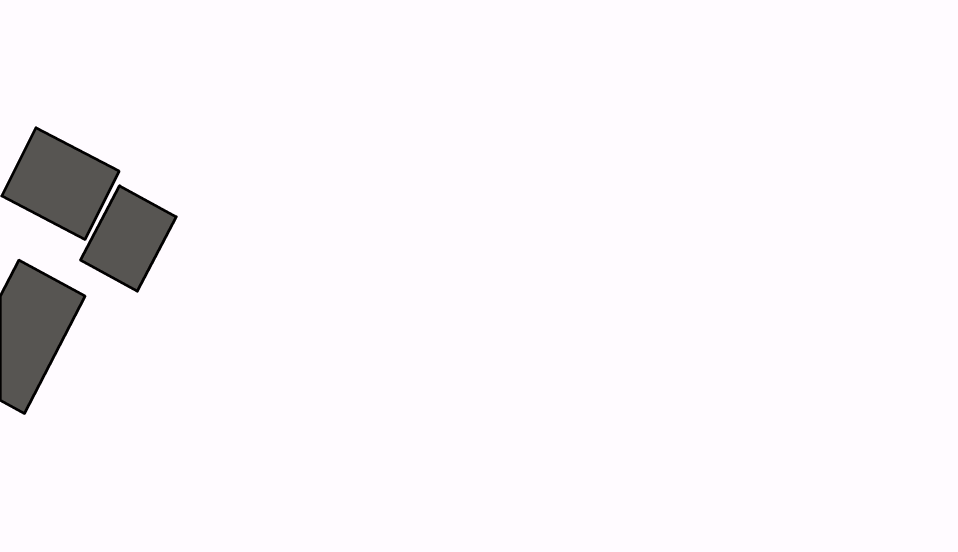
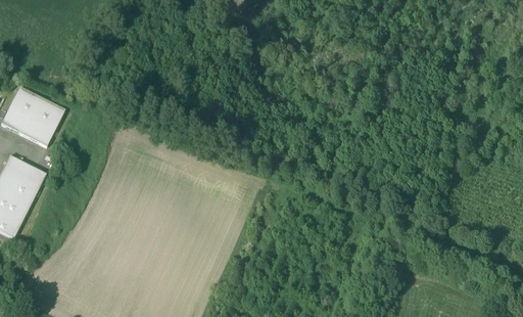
building: [81,186,176,291] -> none

